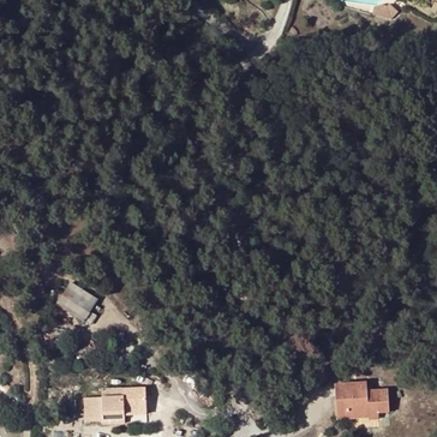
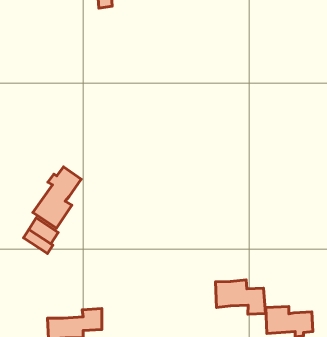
building: none -> [33,167,81,228]
building: none -> [216,280,266,314]

